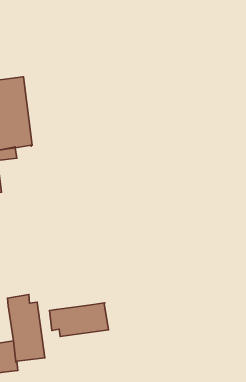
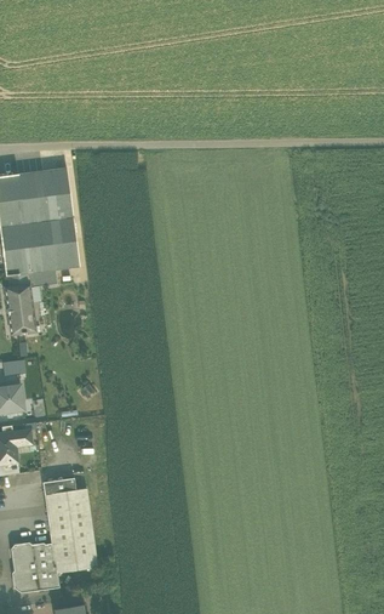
building: [49,303,108,336] -> none

